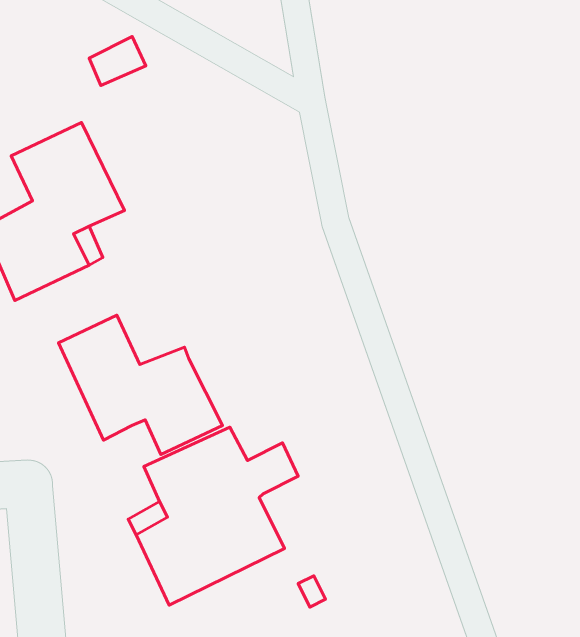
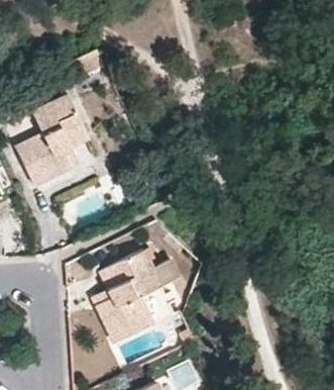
building: [59,315,222,455] -> none

